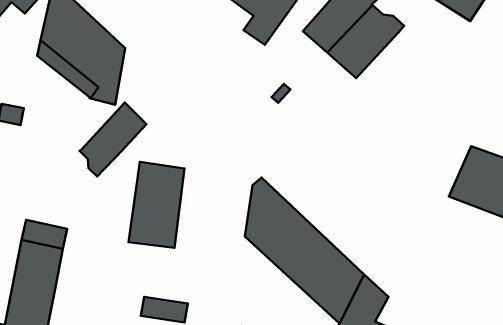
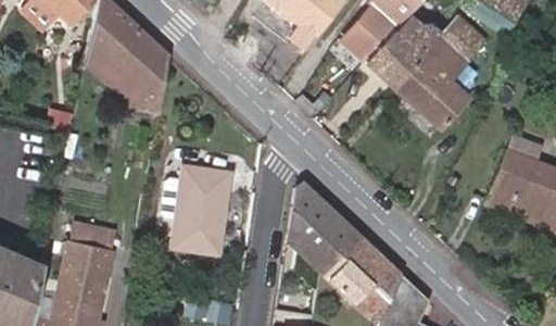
building: none -> [395,15,483,126]
building: [79,103,146,176] -> none

